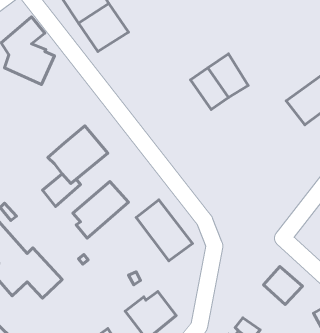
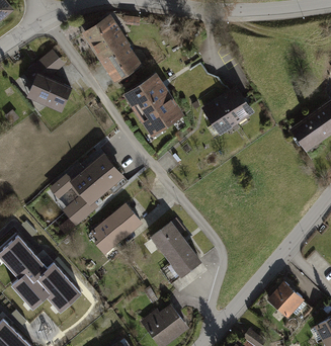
building: none -> [120,72,182,136]
building: none -> [47,163,82,200]

